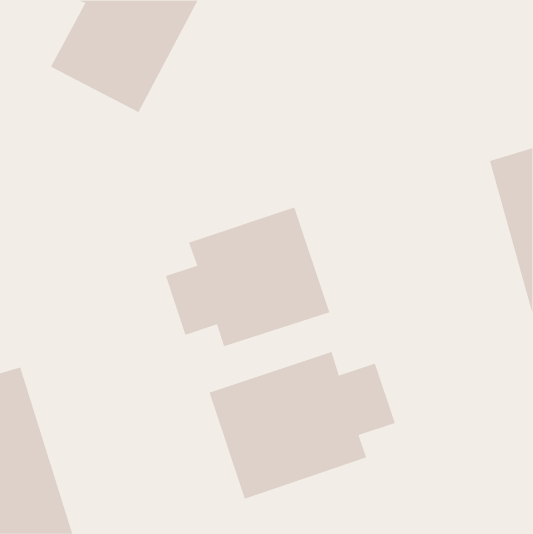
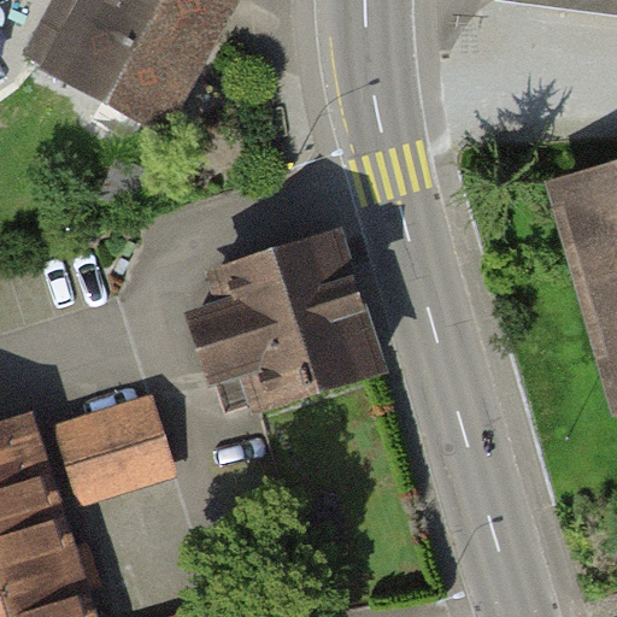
building: [209,351,395,500] -> none
building: none -> [63,409,172,495]

